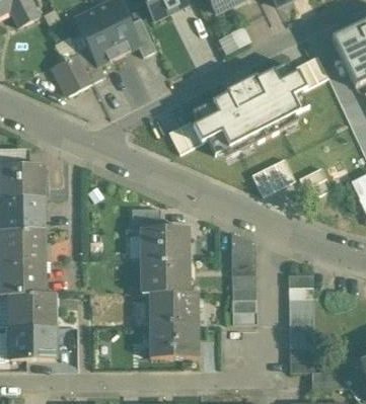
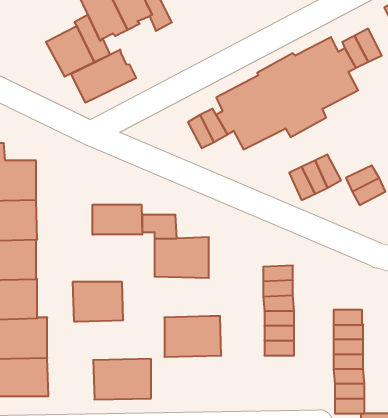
building: none -> [71,49,136,103]
building: none -> [92,205,142,235]
building: [146,260,188,293] -> [73,282,123,321]
building: [149,324,197,357] -> [93,359,151,400]

